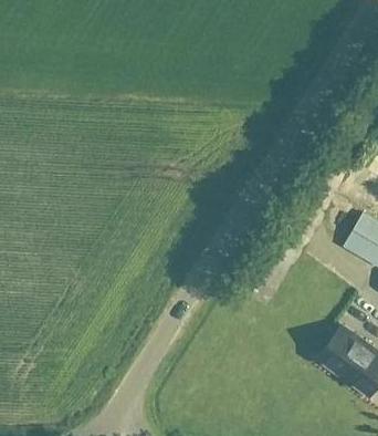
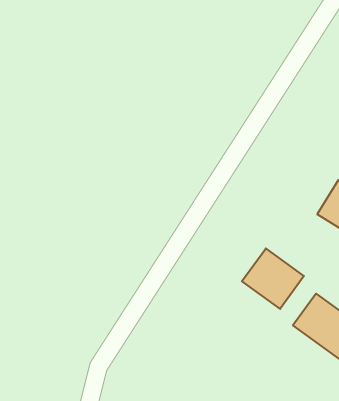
building: none -> [242,248,304,309]

